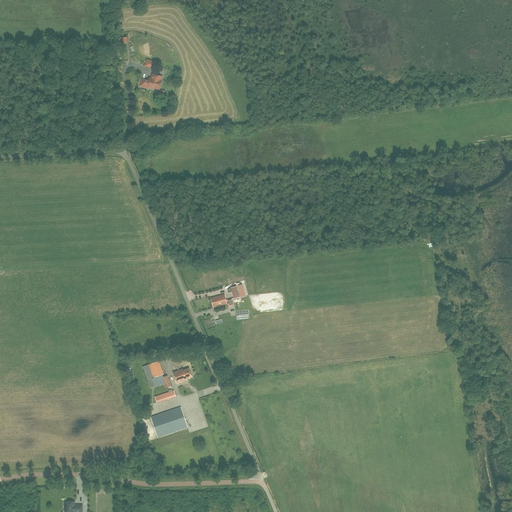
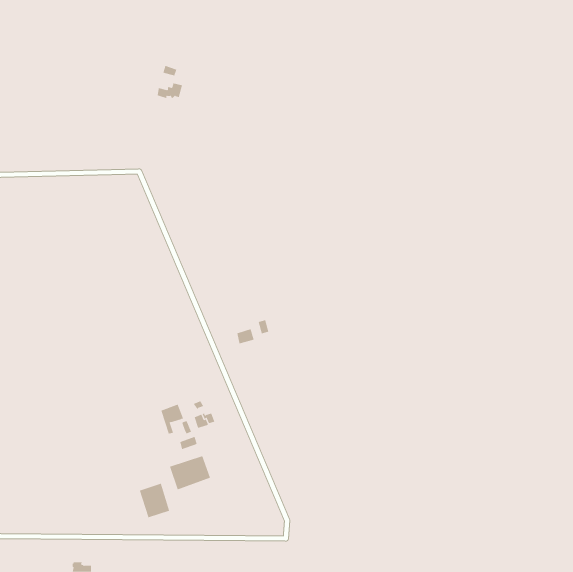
building: none -> [139,483,170,518]

